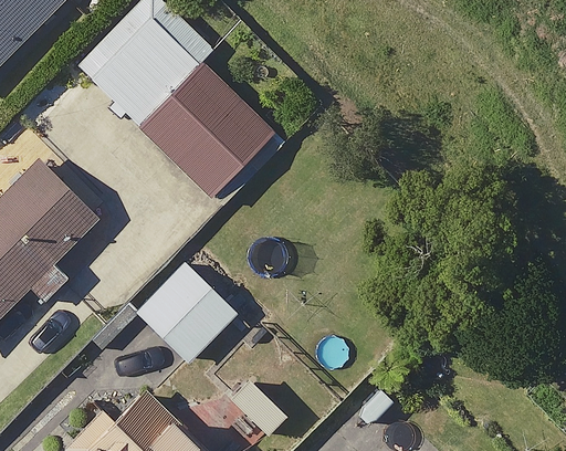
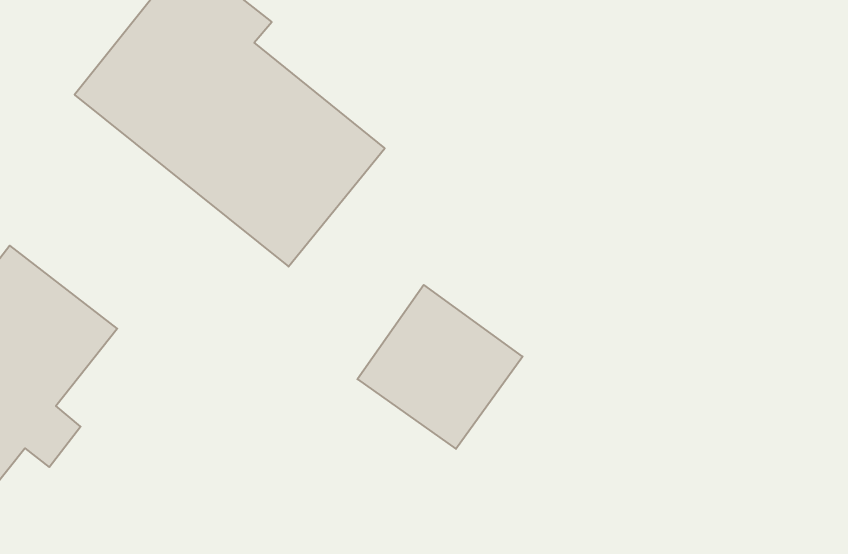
building: [135,261,237,363] -> [357,285,523,449]

